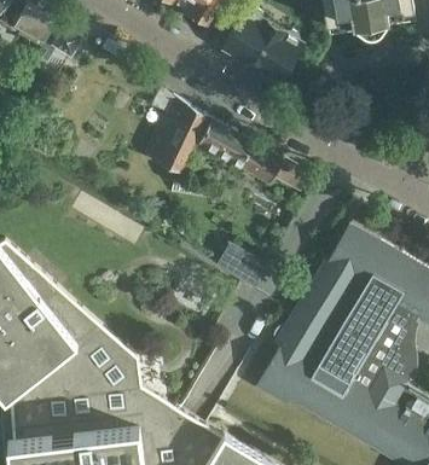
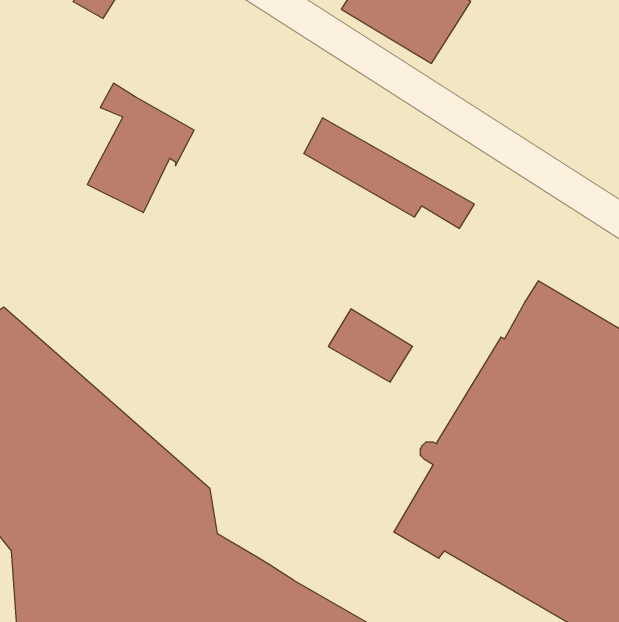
building: [141,89,210,173] -> [87,83,194,213]

